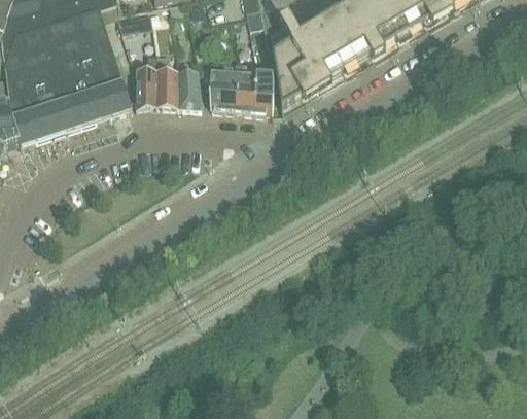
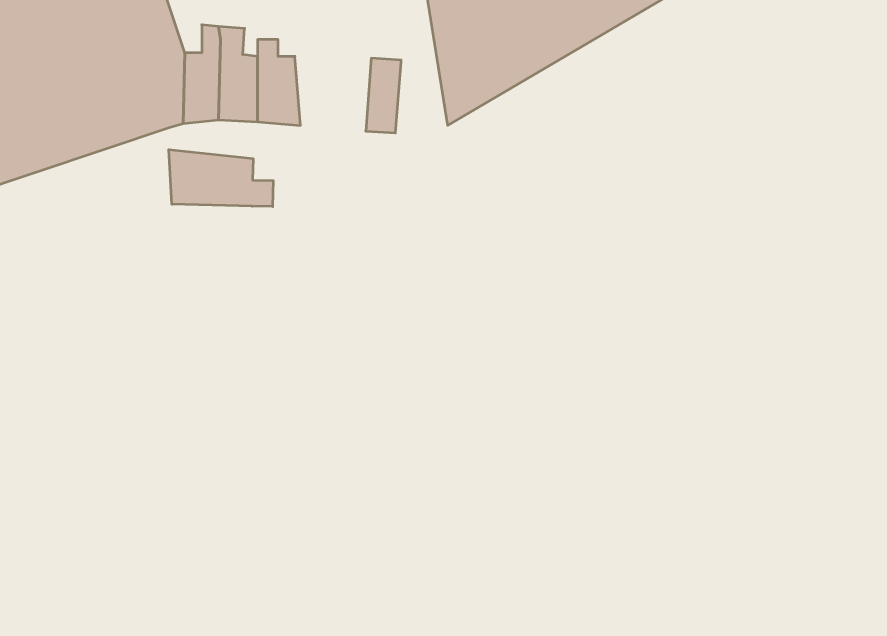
building: [209,67,239,109] -> none
building: [252,70,272,111] -> none
building: none -> [169,150,273,207]

